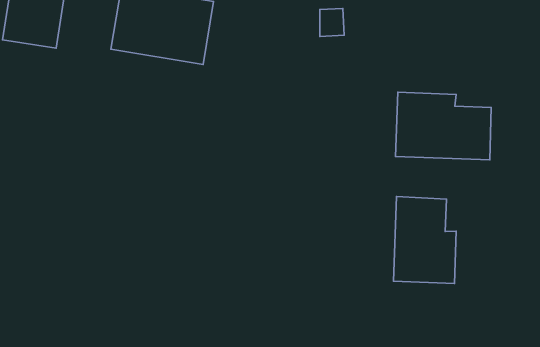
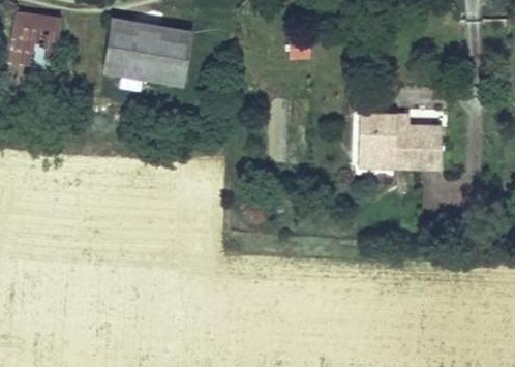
building: [394,197,456,283] -> none

